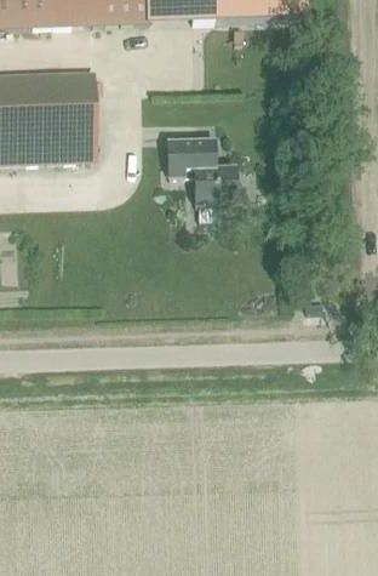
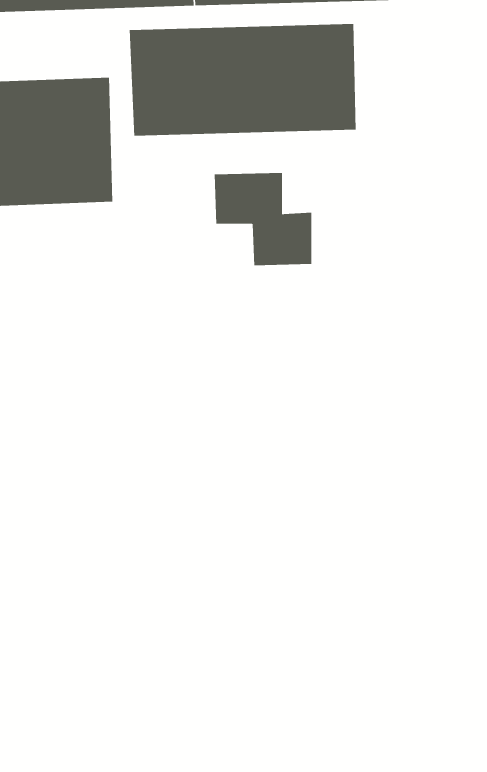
building: none -> [129,23,356,137]

